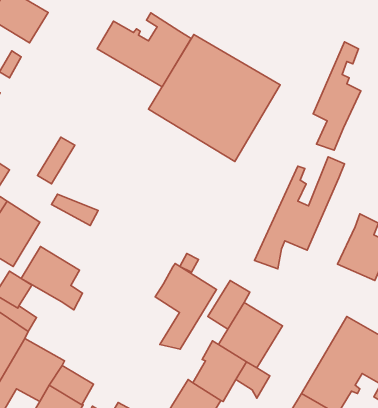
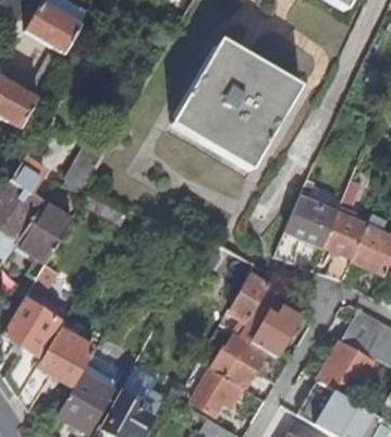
building: [97,13,191,87] -> none
building: [313,42,361,150] -> [322,179,367,280]
building: [21,247,83,310] -> none
building: [155,263,217,349] -> none

